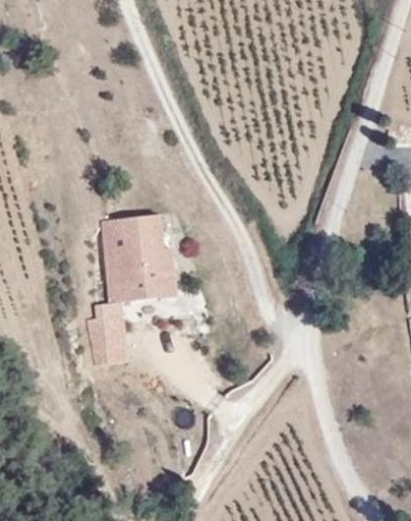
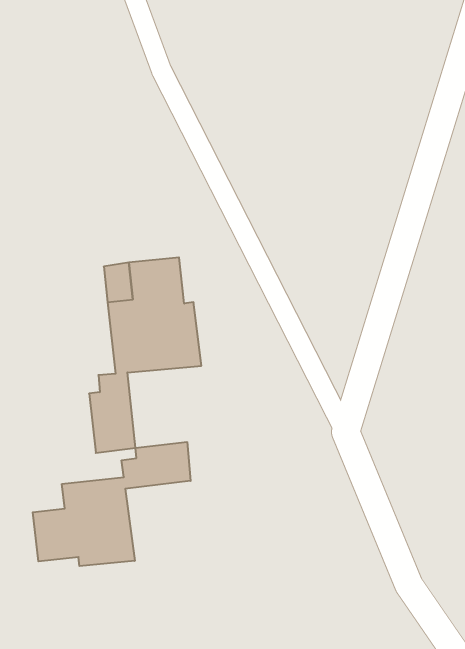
building: none -> [33,442,191,566]

